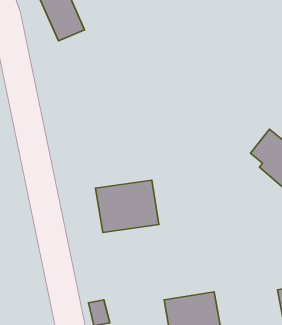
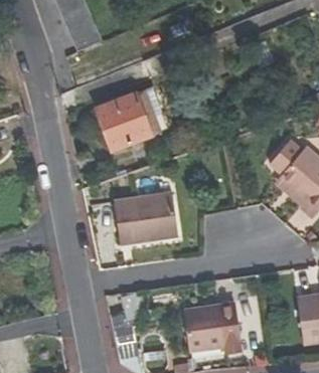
building: none -> [96,87,168,149]

